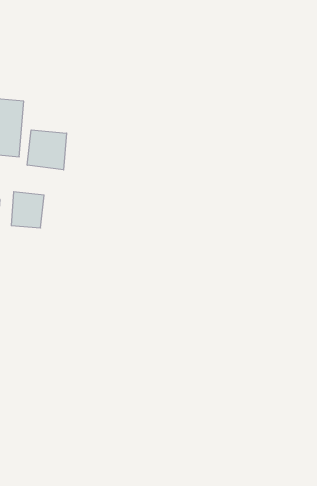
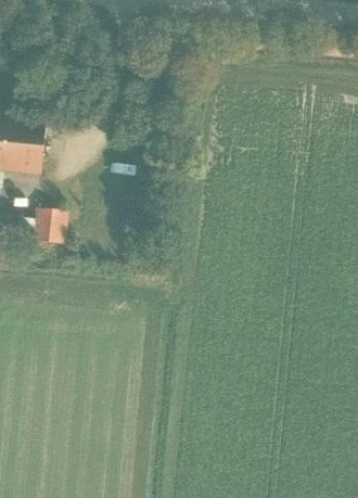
building: [27,130,67,170] -> none

